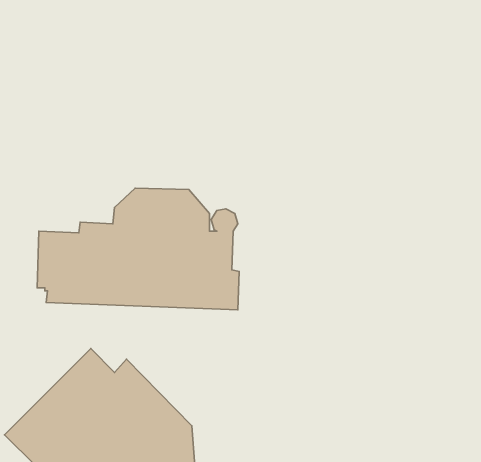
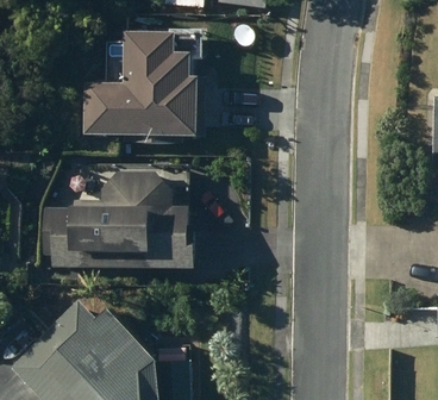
building: none -> [80,29,202,145]

